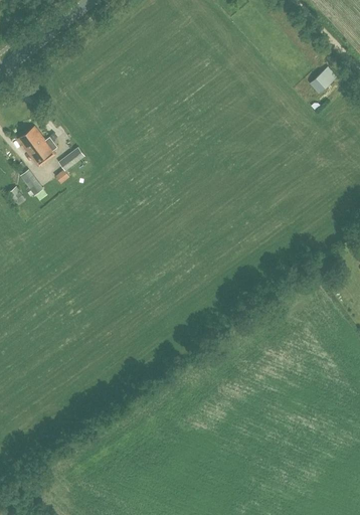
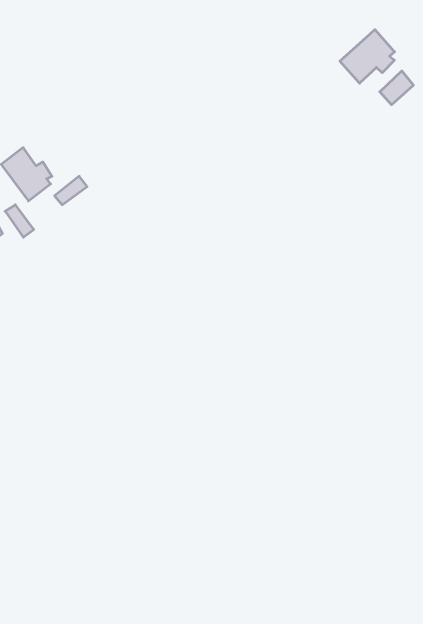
building: none -> [340,30,395,83]

